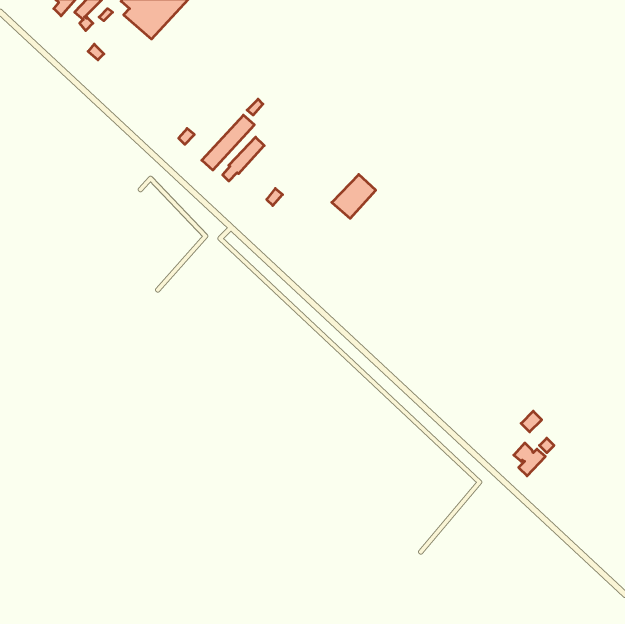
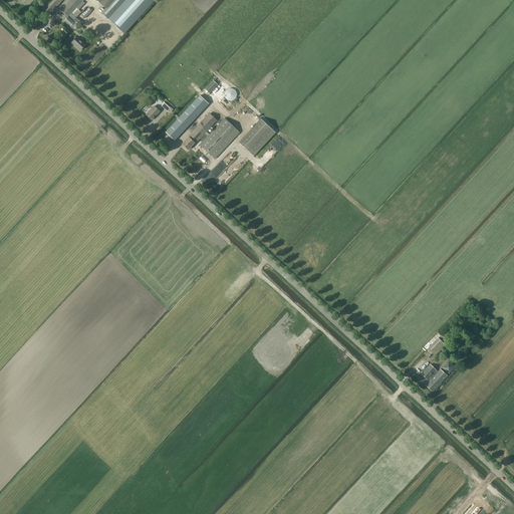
building: none -> [200,117,240,158]
building: [332,174,376,218] -> [239,118,275,155]

